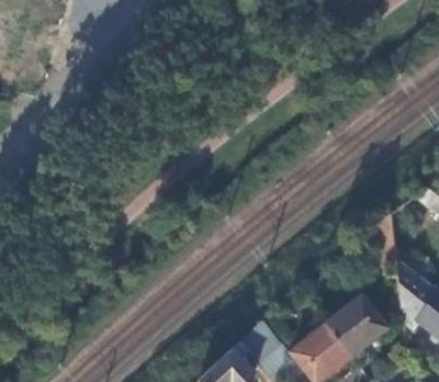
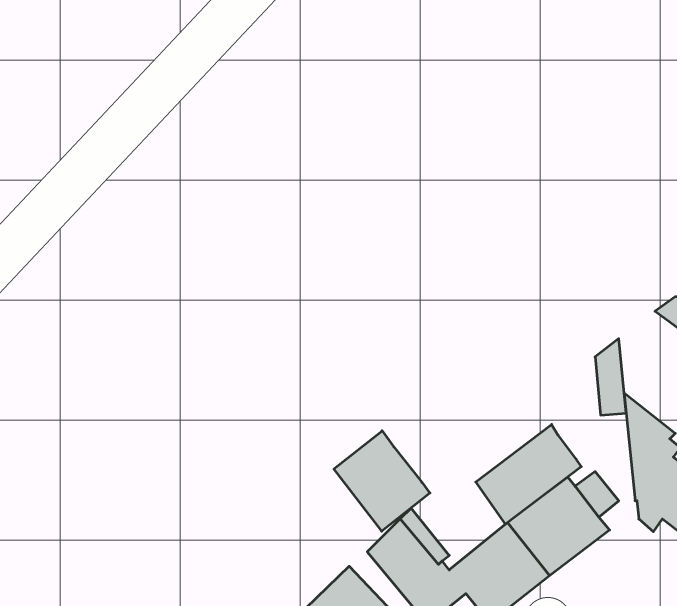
building: none -> [476,424,581,524]
building: none -> [334,431,430,531]

